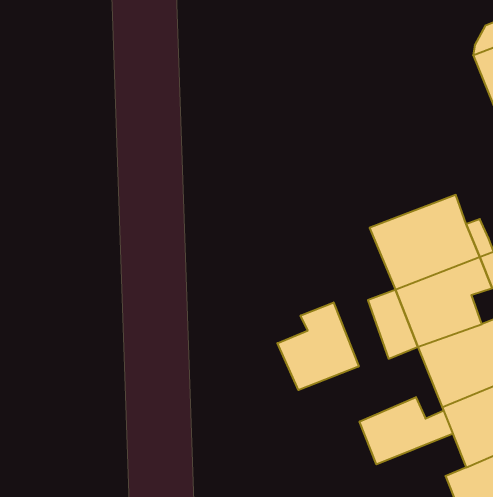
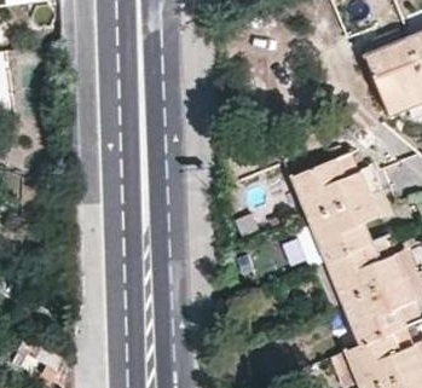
building: [277,302,359,390] -> none
building: [360,397,453,464] -> none

